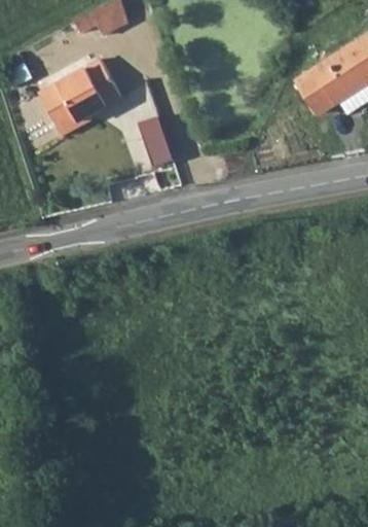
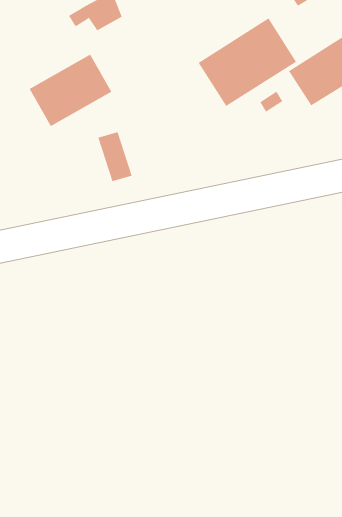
building: none -> [198,18,297,107]
building: [138,115,173,166] -> [97,131,132,182]

